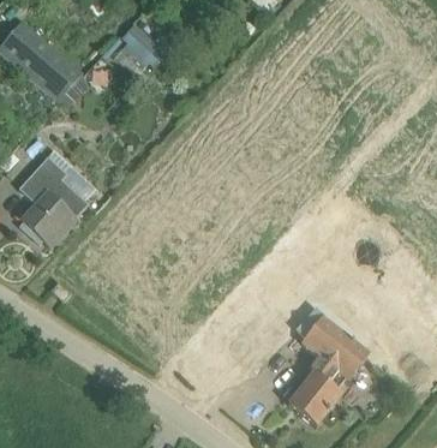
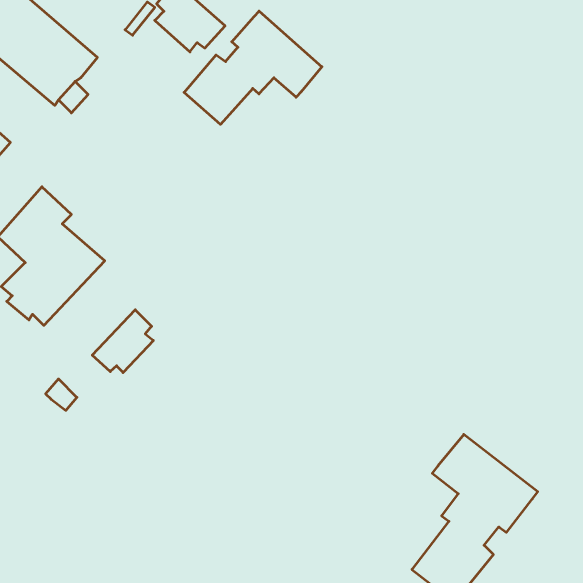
building: none -> [184,11,322,124]
building: none -> [92,310,153,373]

